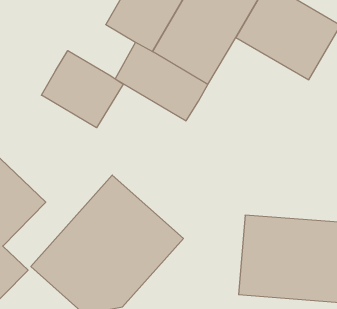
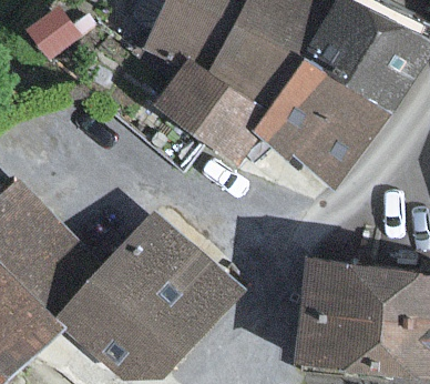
building: none -> [257,54,388,180]
building: [41,51,123,128] -> none

